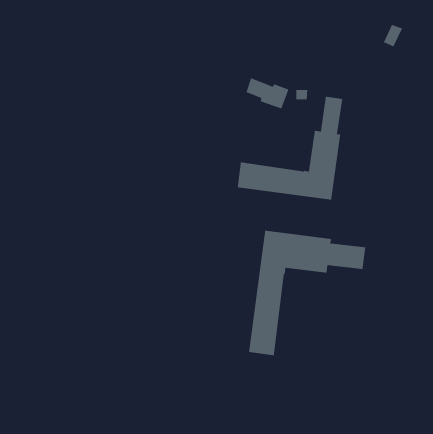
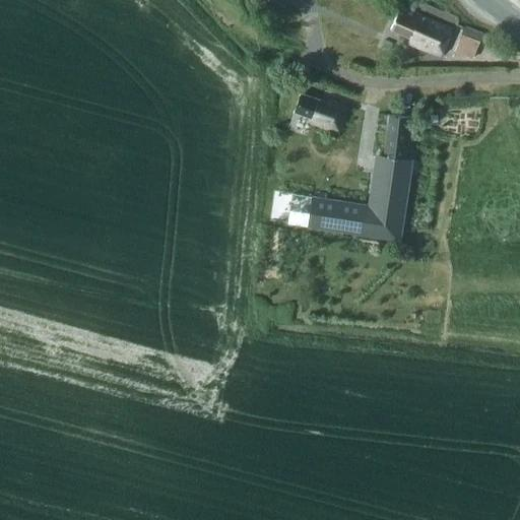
building: none -> [391,7,453,57]
building: [248,230,366,356] -> none

